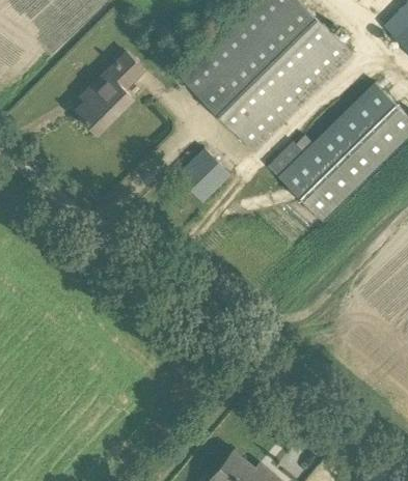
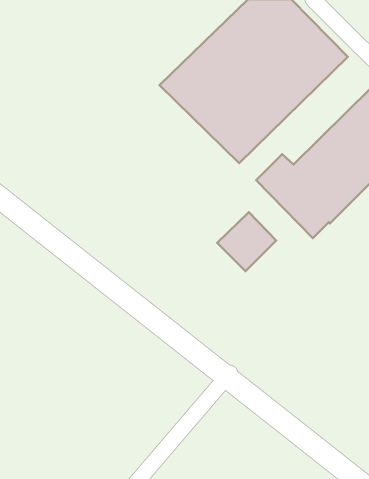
building: [76,51,144,133] -> none
building: [175,148,229,202] -> [217,212,276,271]

